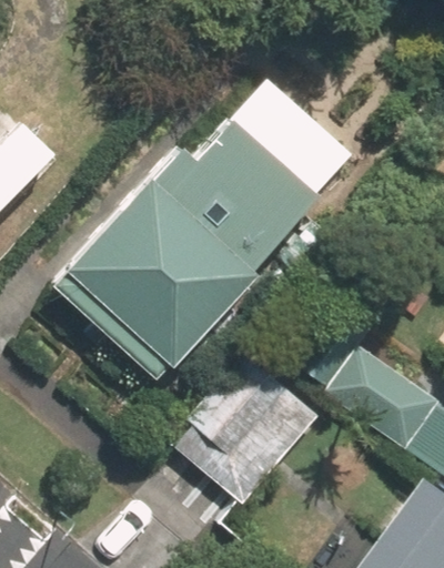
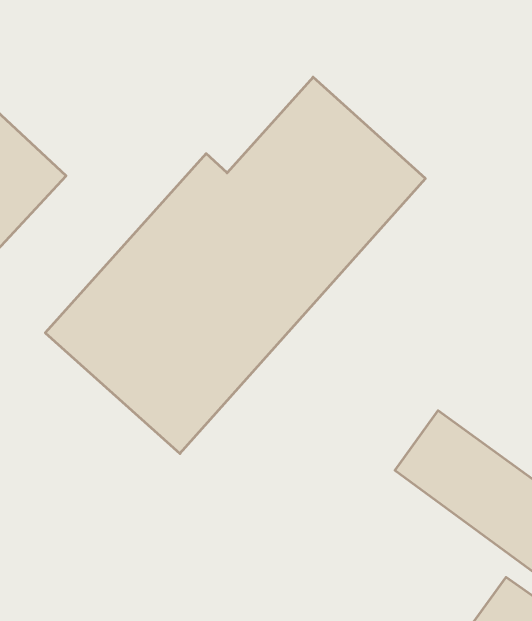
building: [179,363,320,505] -> none

